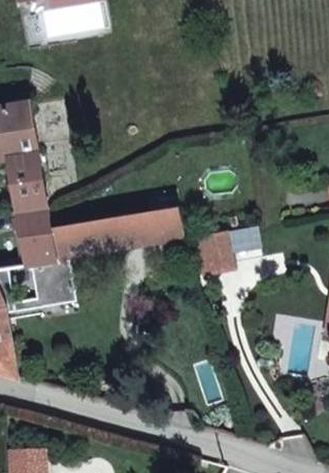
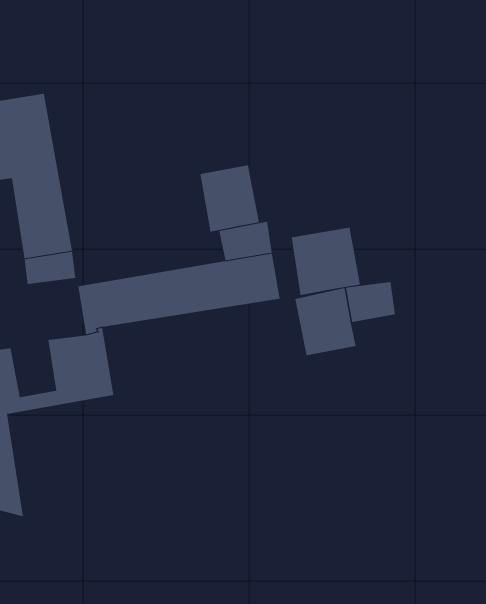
building: none -> [200,165,260,232]
building: none -> [291,227,360,296]
building: [19,224,57,265] -> none

